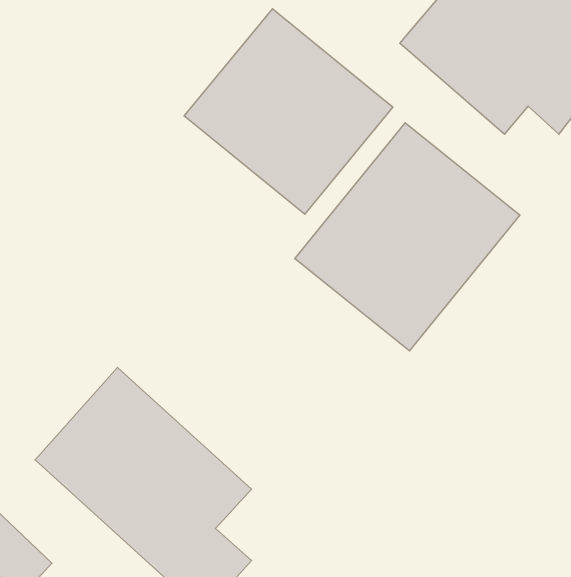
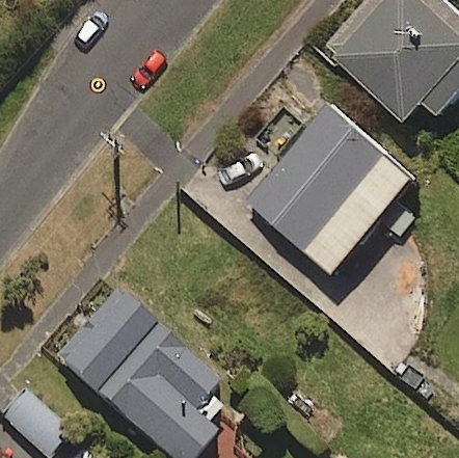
building: [184,9,393,214] -> none

